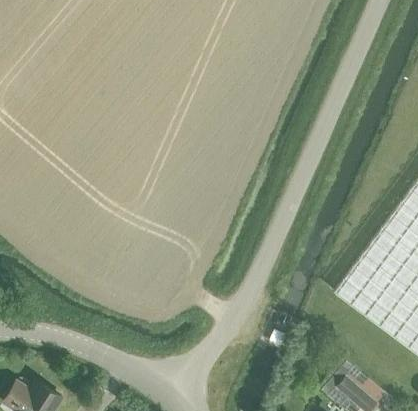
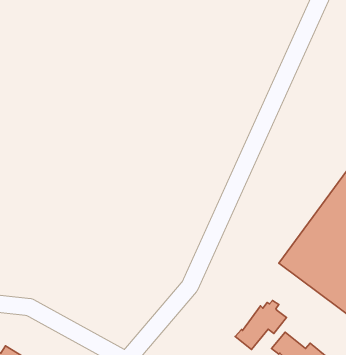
building: none -> [235,300,287,350]

